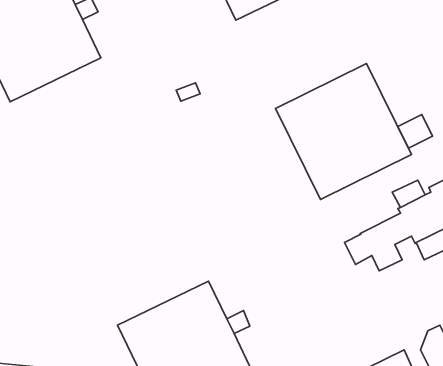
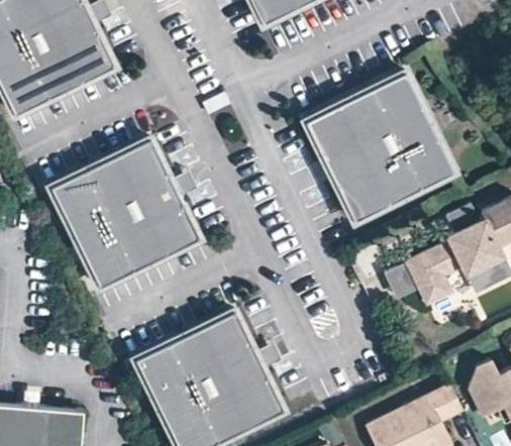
building: [398,115,433,148] -> none
building: none -> [49,139,199,288]

